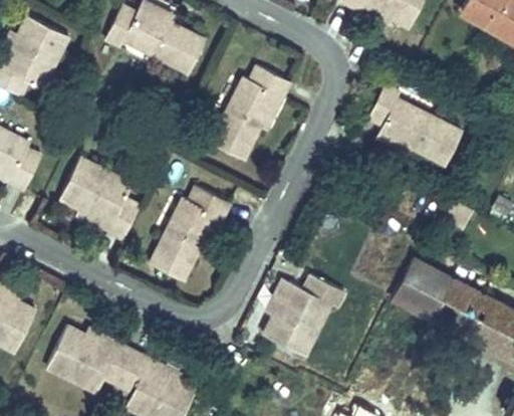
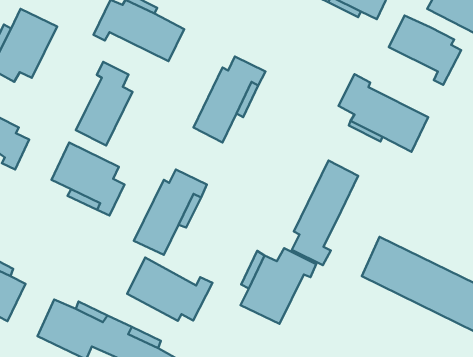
building: none -> [389,16,461,85]
building: none -> [76,62,132,146]
building: none -> [292,161,358,265]
building: none -> [127,257,213,321]

